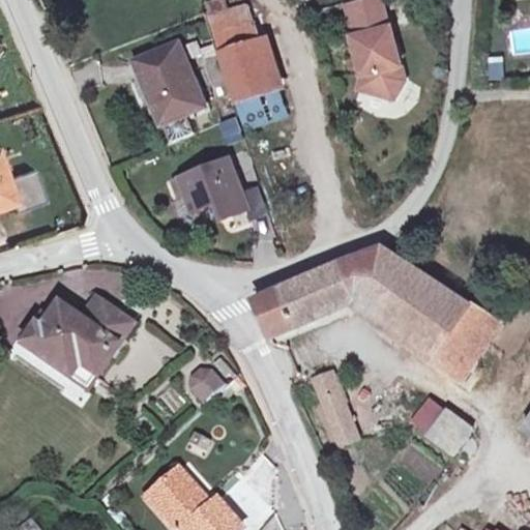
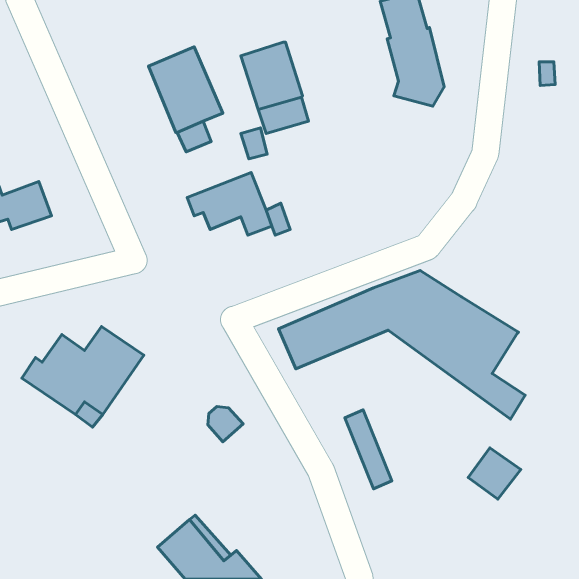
building: [208,4,257,51] -> none
building: [446,301,501,358] -> none

